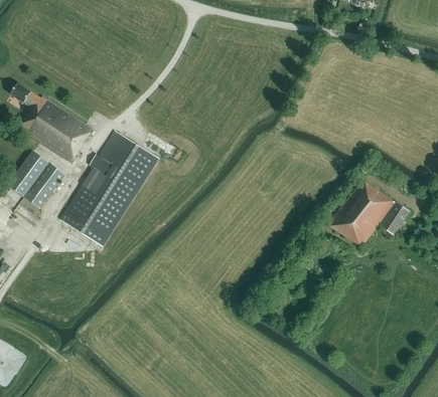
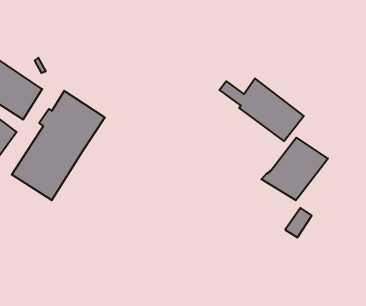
building: none -> [219,78,304,141]
building: [380,203,408,234] -> [285,208,312,237]

